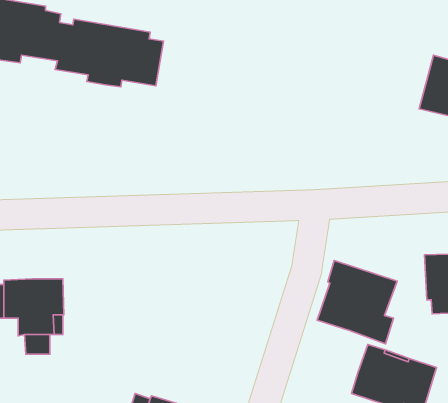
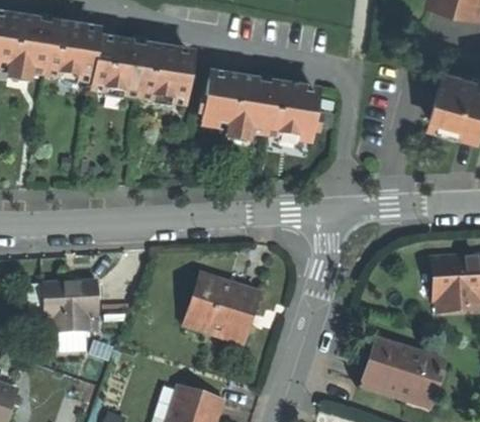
building: none -> [202,76,317,139]
building: [317,261,397,344] -> none
building: none -> [187,274,262,342]

